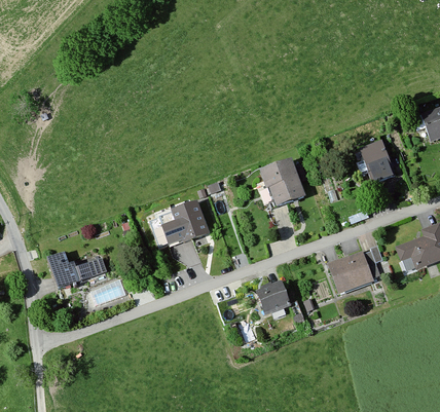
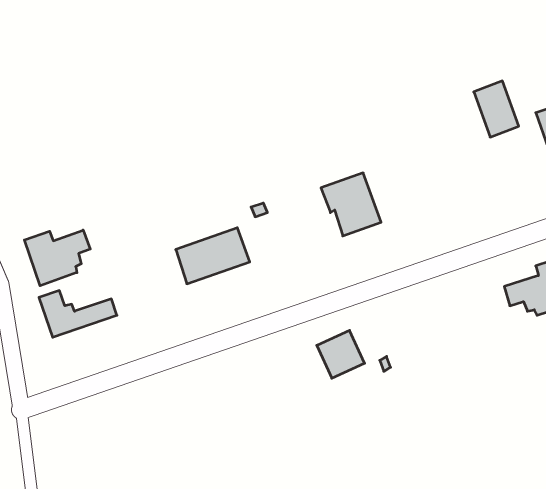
building: [360,141,394,183] -> [474,81,519,137]
building: none -> [24,230,90,286]
building: [328,246,381,294] -> none

